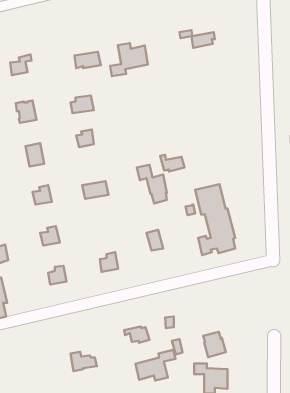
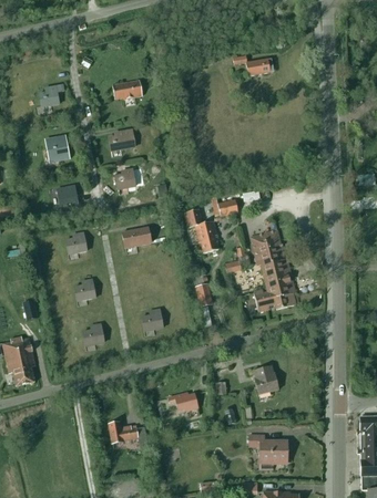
building: [110,43,148,76] -> none
building: [203,332,226,357] -> [253,366,278,395]
building: [135,350,175,380] -> none

